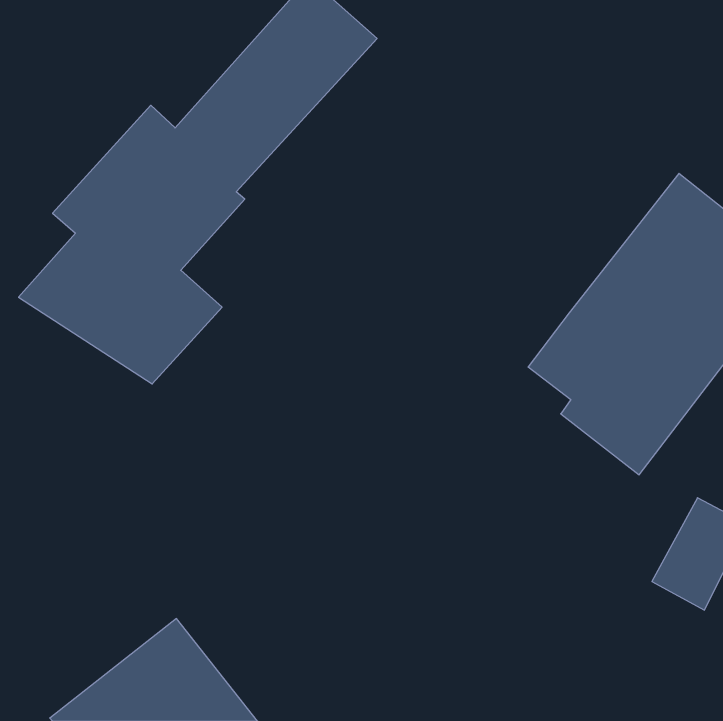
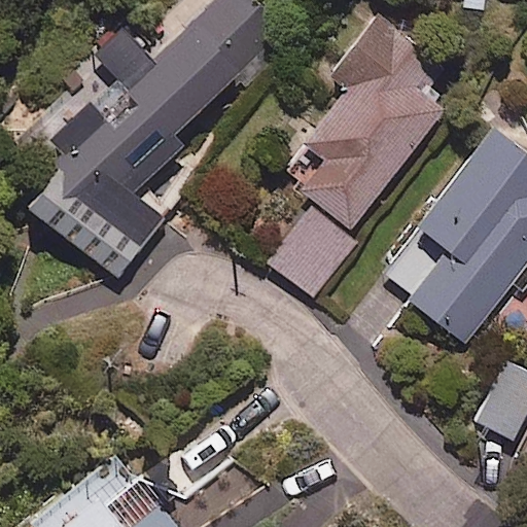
building: none -> [272,11,449,293]

